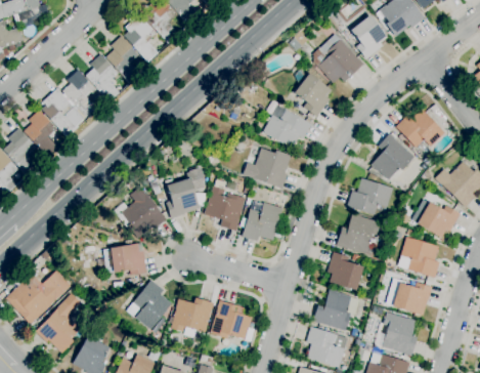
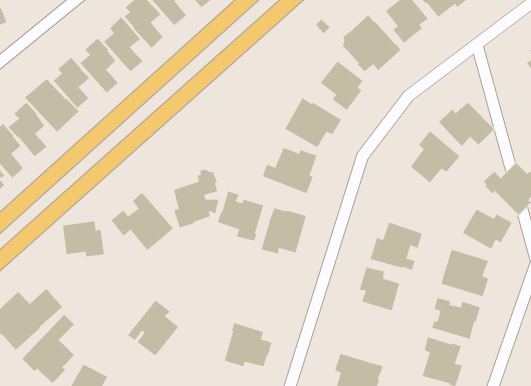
building: [347,177,394,215] -> none
building: [111,243,147,275] -> [62,220,105,257]
building: [313,289,360,331] -> none
building: [169,297,215,332] -> none

